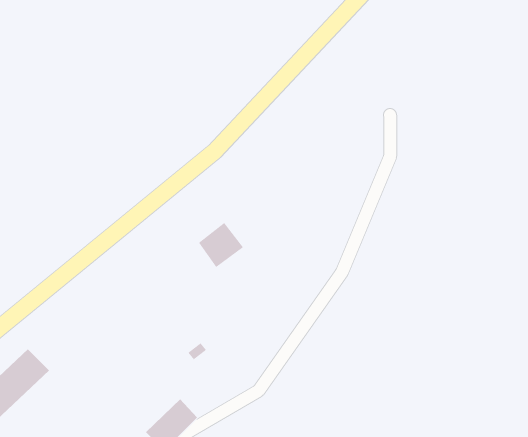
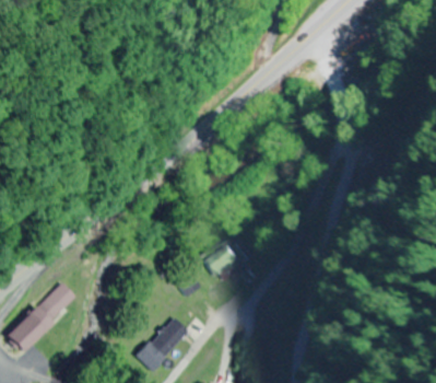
building: [198,222,244,268] -> [202,244,236,278]

